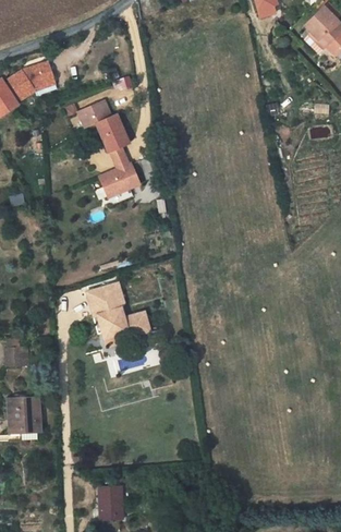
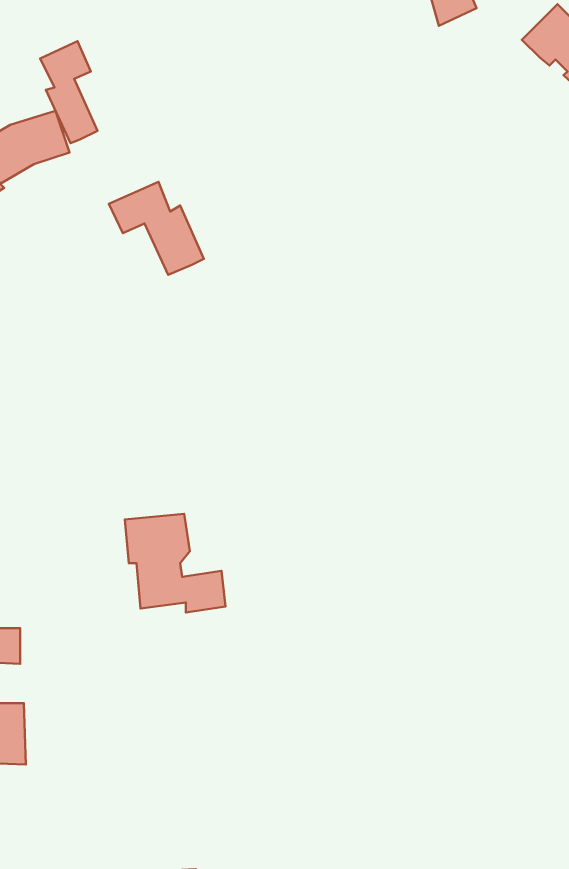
building: none -> [40,41,97,143]
building: [100,147,142,198] -> none

